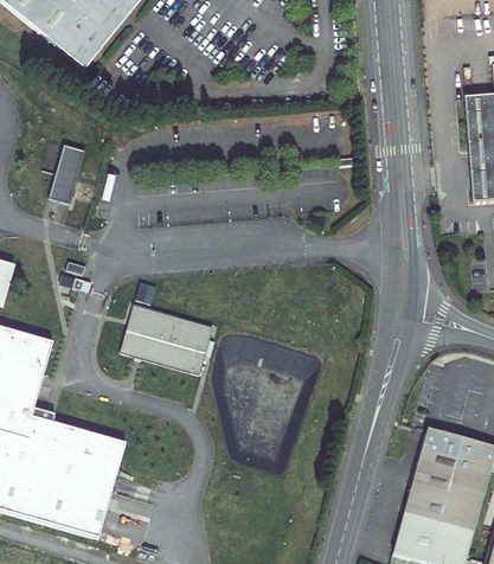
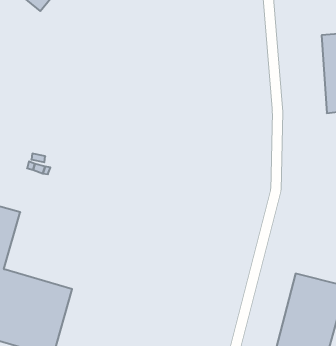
building: [50,143,86,203] -> none
building: [118,301,212,372] -> none

